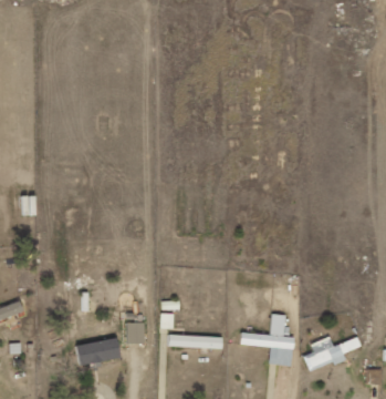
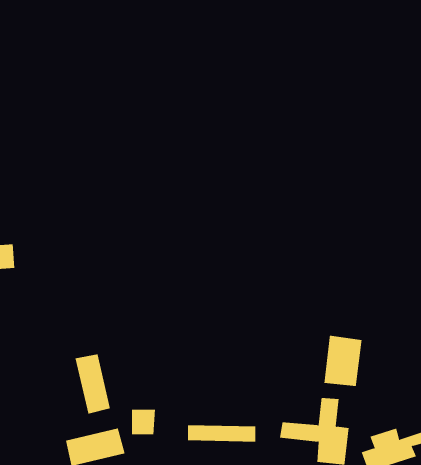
building: none -> [324,335,362,387]
building: none -> [75,354,111,414]

